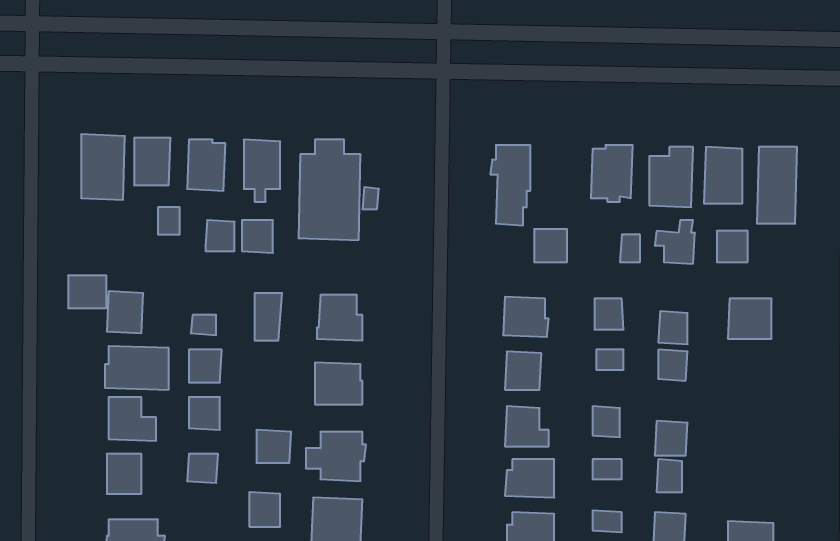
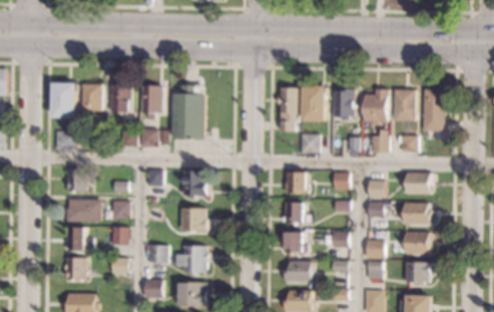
building: none -> [302,85,326,121]
building: [68,275,106,308] -> [55,131,76,149]
building: none -> [404,202,432,225]
building: none -> [406,232,430,254]
building: none -> [406,262,432,283]

